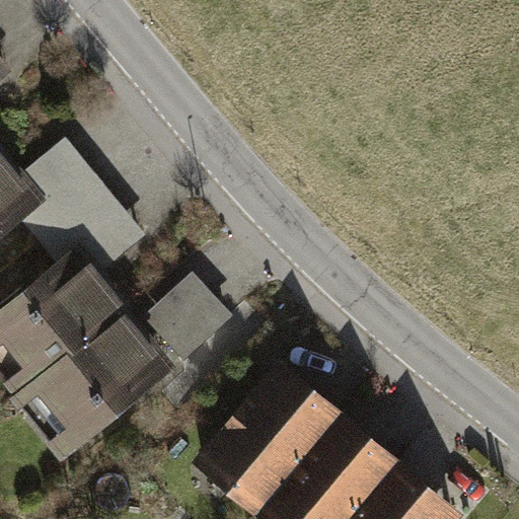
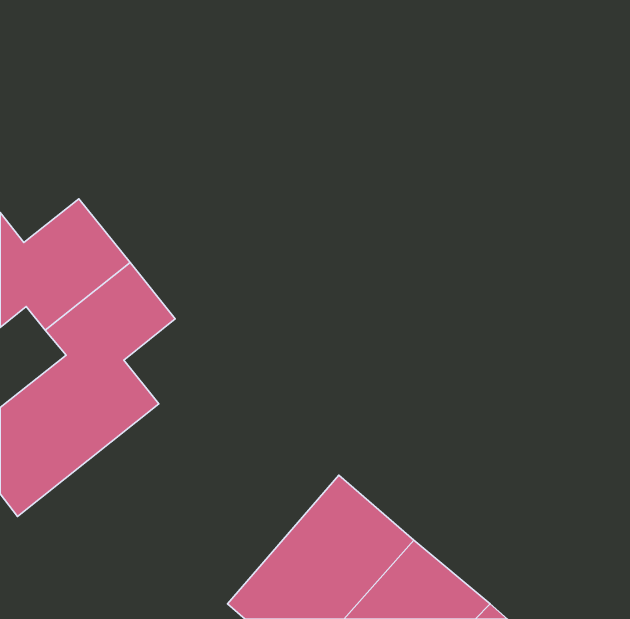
building: [21,290,237,477] -> none

